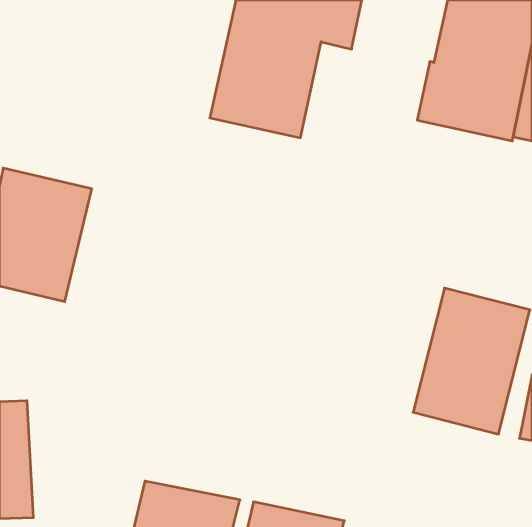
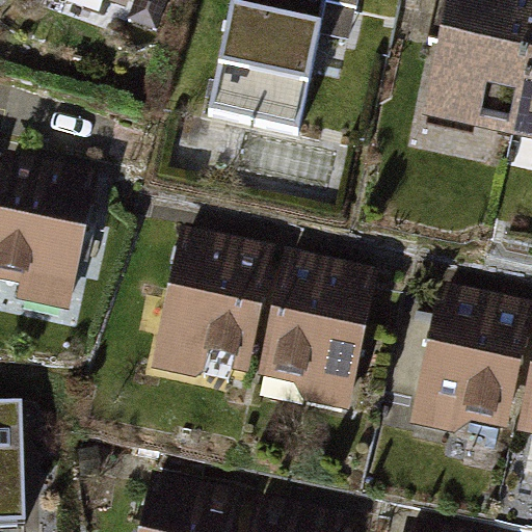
building: none -> [149,238,268,379]
building: none -> [251,262,372,410]

